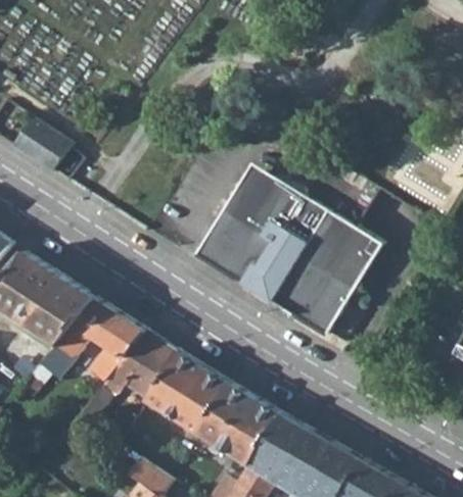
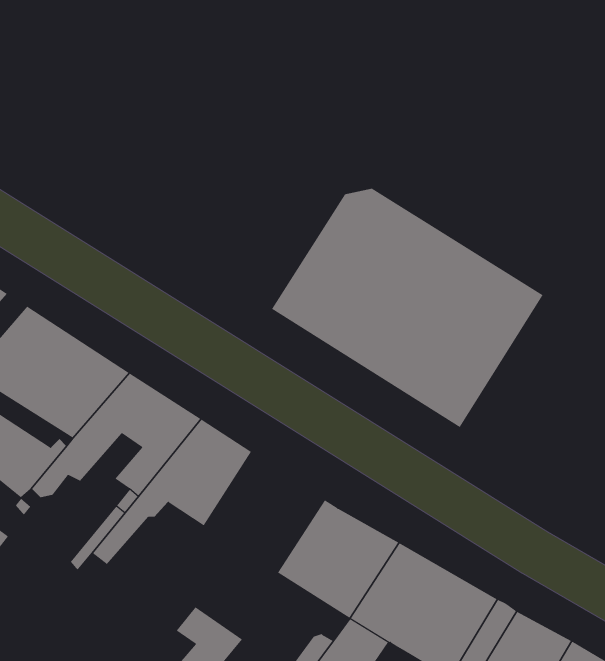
building: [13,116,87,180] -> none
building: [148,351,231,434] -> none

